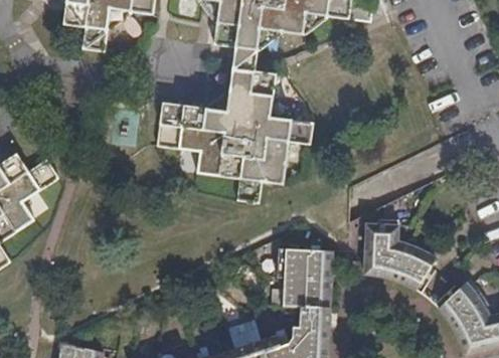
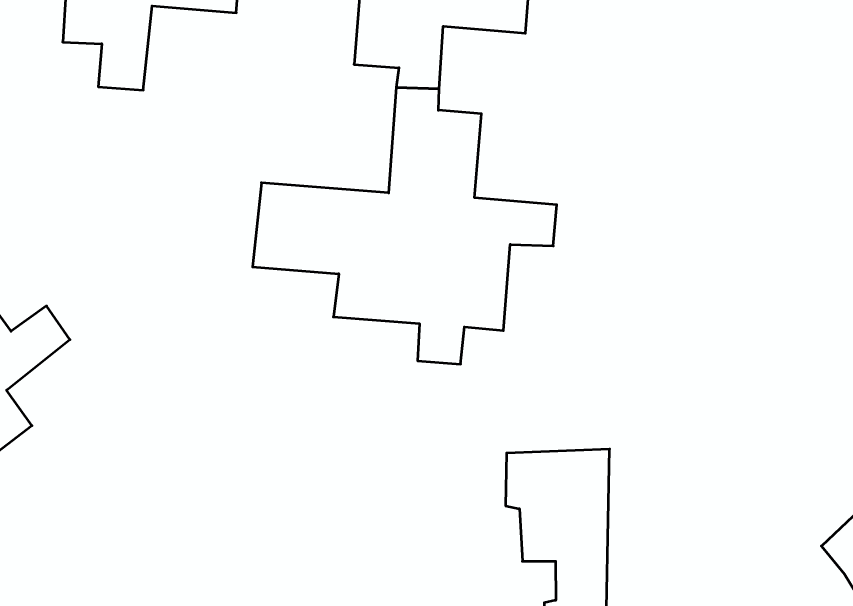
building: [365,224,441,291] -> none

